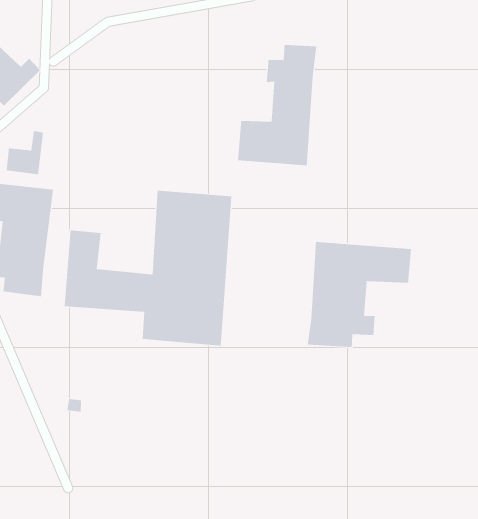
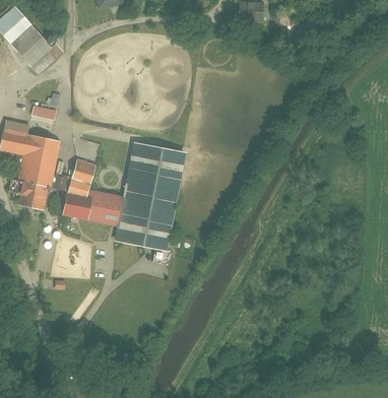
building: [238,44,317,166] -> none
building: [307,241,412,348] -> none

